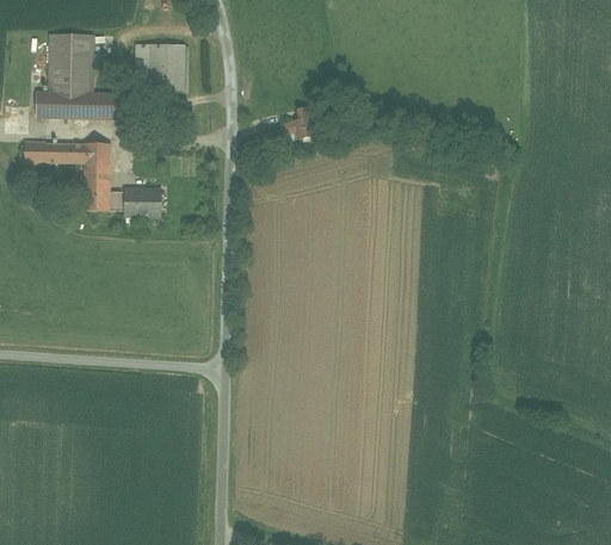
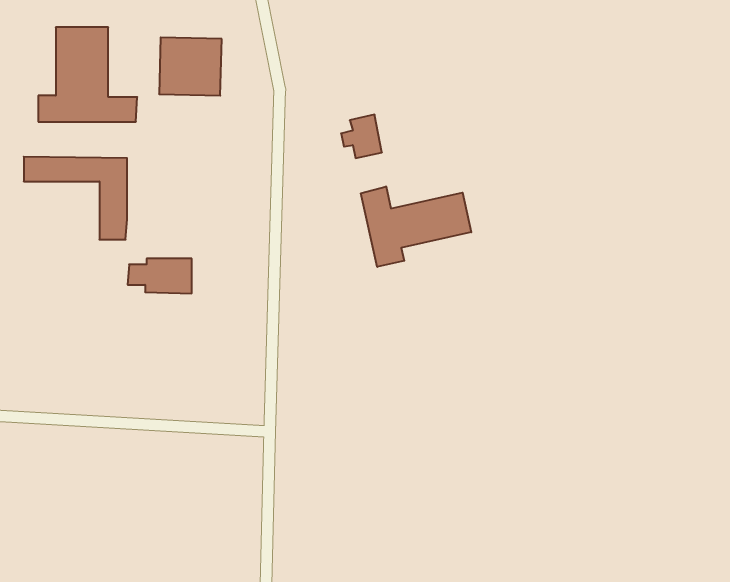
building: none -> [361,186,471,267]
building: [107,188,160,217] -> [128,259,192,293]

